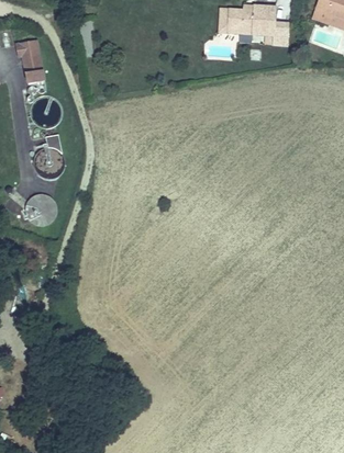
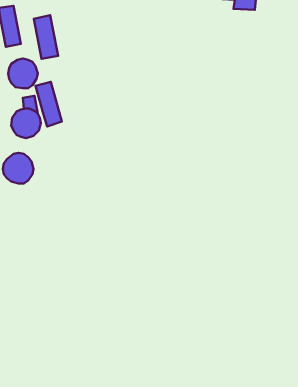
building: none -> [34,15,58,59]
building: none -> [36,82,62,126]

